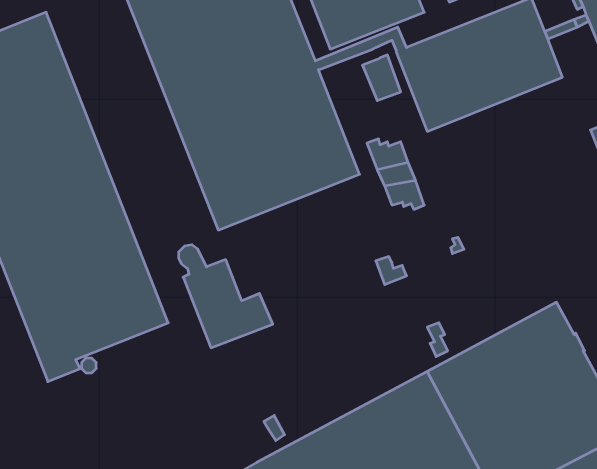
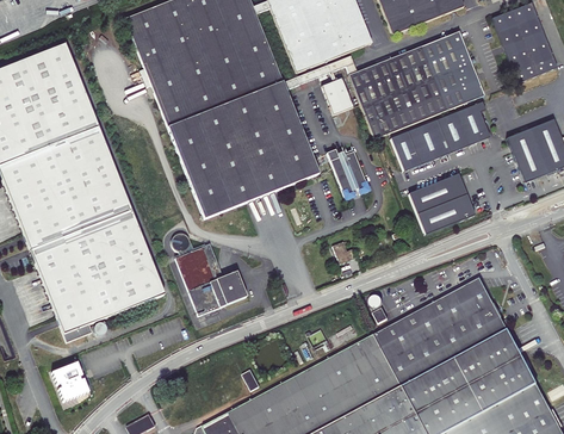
building: none -> [391,101,490,172]
building: none -> [409,174,476,235]
building: none -> [52,362,86,402]

